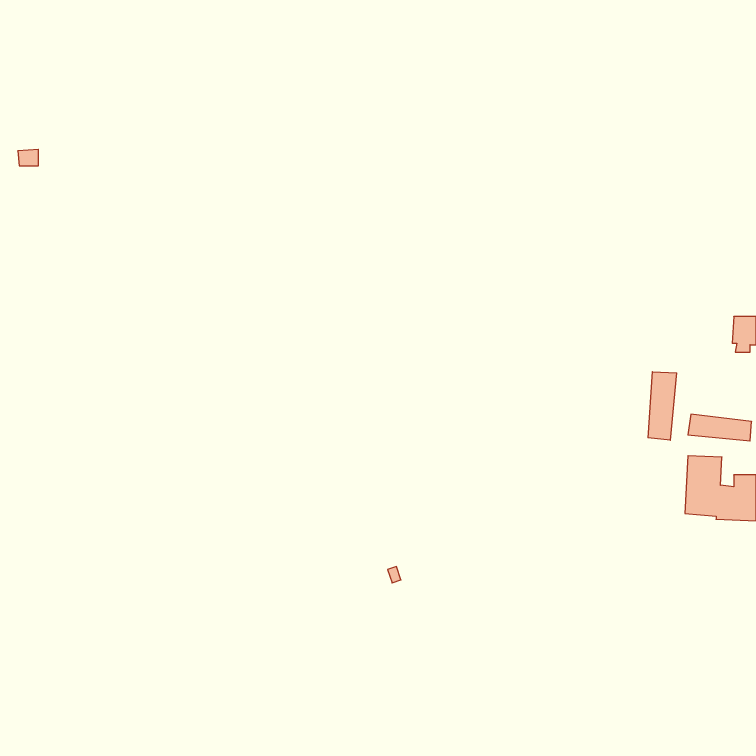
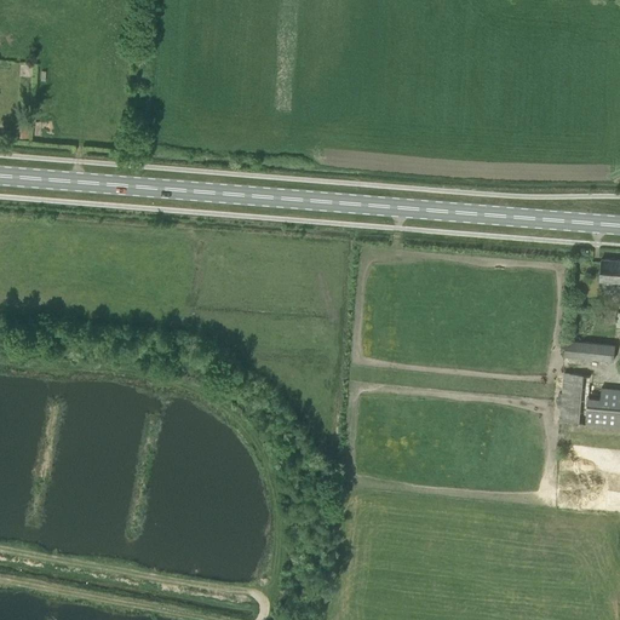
building: [648,372,677,440] -> none

